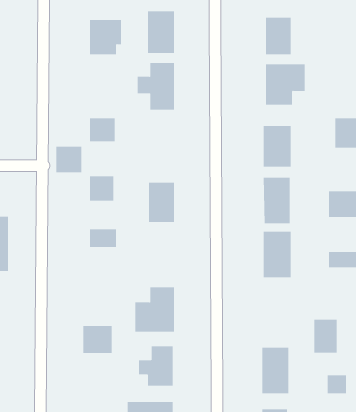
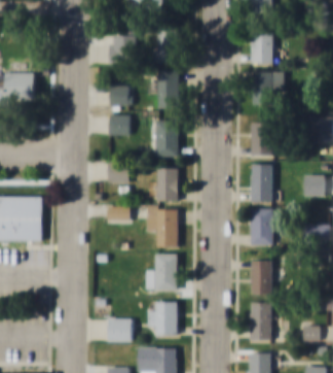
building: none -> [155,122,178,157]
building: [56,146,82,173] -> [109,84,131,106]
building: none -> [146,206,178,247]
building: [314,319,338,353] -> [252,261,271,289]
building: [82,326,113,353] -> [108,318,133,341]

